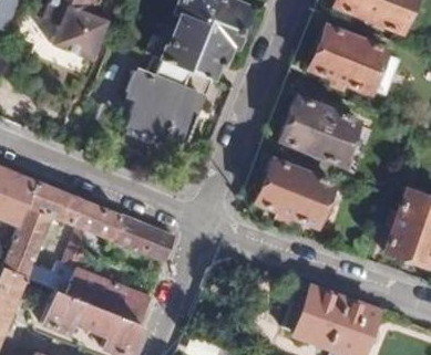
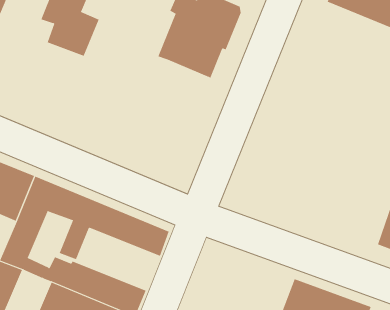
building: [309,27,387,94] -> none
building: [132,58,216,144] -> none
building: [281,96,359,163] -> none
building: [256,164,331,229] -> none

